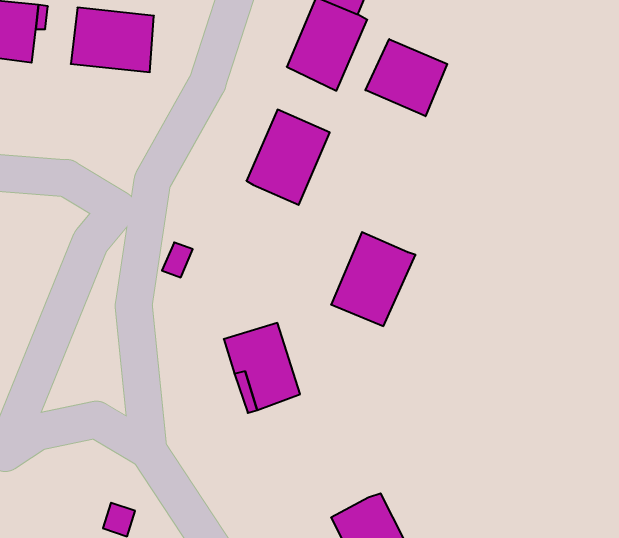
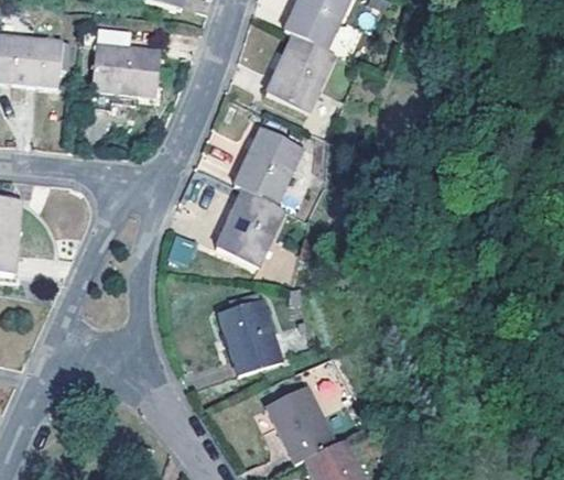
building: [365,39,447,116] -> none
building: [331,232,416,326] -> [216,187,285,264]
building: none -> [267,388,336,465]

